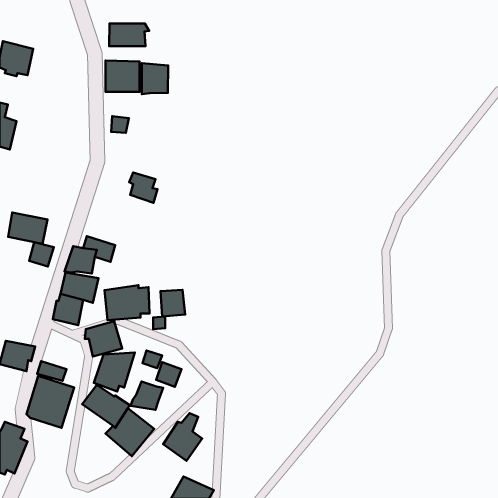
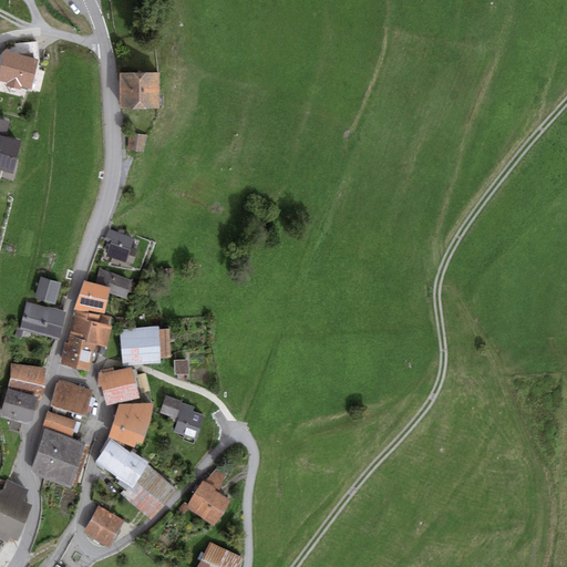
building: [109,23,149,46] -> none
building: [142,63,168,94] -> none
building: [129,172,157,203] -> [104,229,136,264]
building: [8,213,47,244] -> [20,302,64,338]
building: [161,290,185,317] -> none
building: none -> [7,364,45,395]
building: none -> [50,380,93,414]
building: [130,381,163,410] -> none
building: none -> [83,506,123,547]

